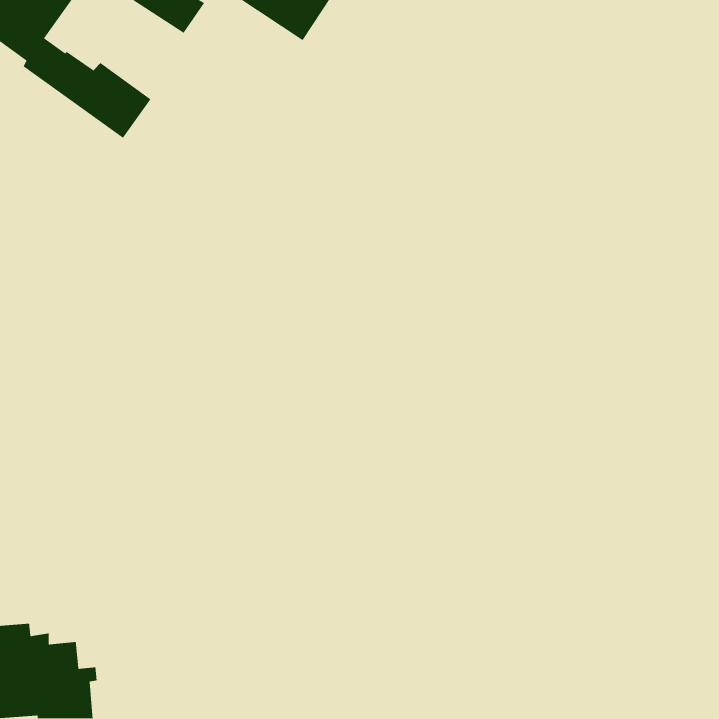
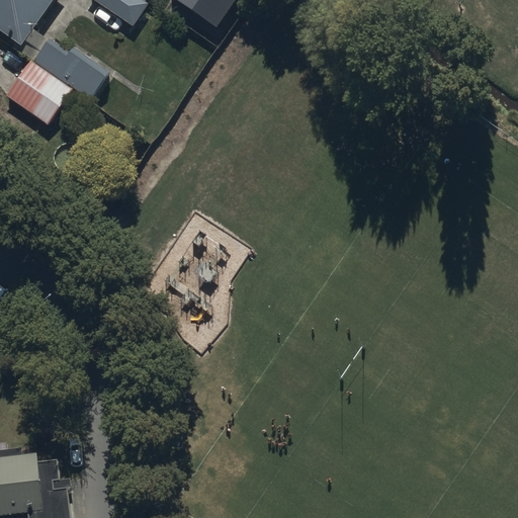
building: none -> [6,61,70,123]

